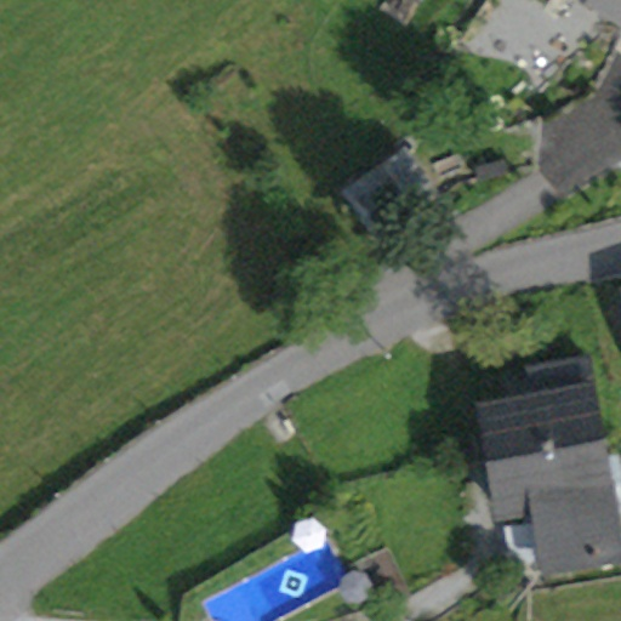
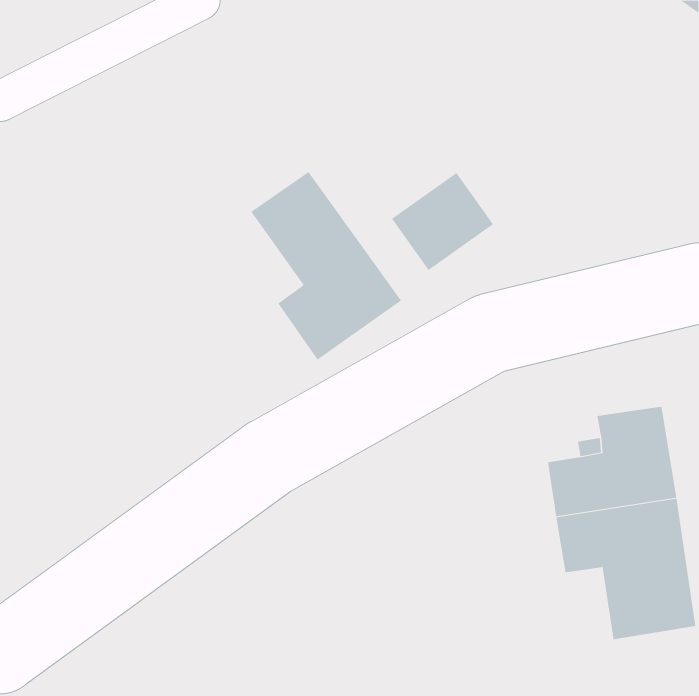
building: none -> [250,171,402,361]

